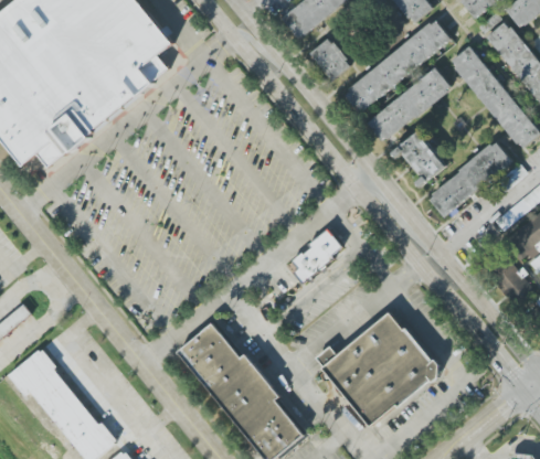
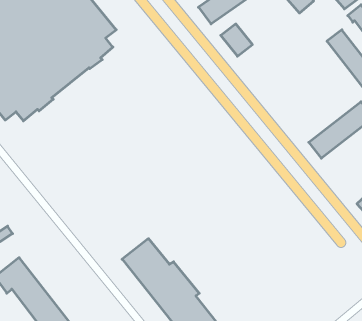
building: [342,19,451,113] -> none
building: [367,67,452,143] -> none
building: [395,131,445,183] -> none
building: [286,231,345,282] -> none
building: [316,311,441,427] -> none

